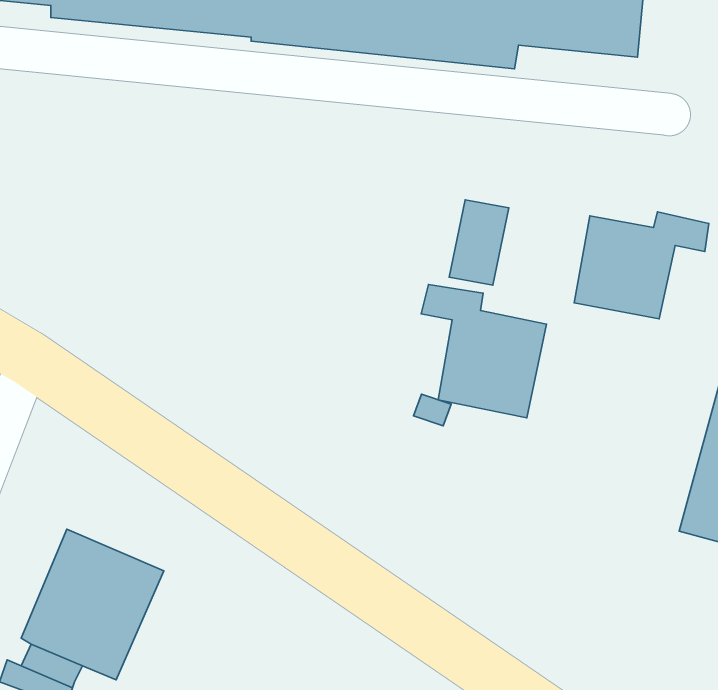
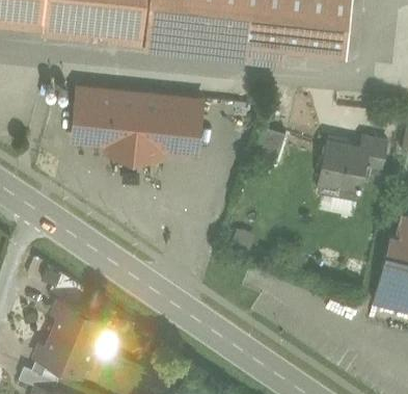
building: none -> [67,86,203,165]
building: [421,284,547,418] -> none

